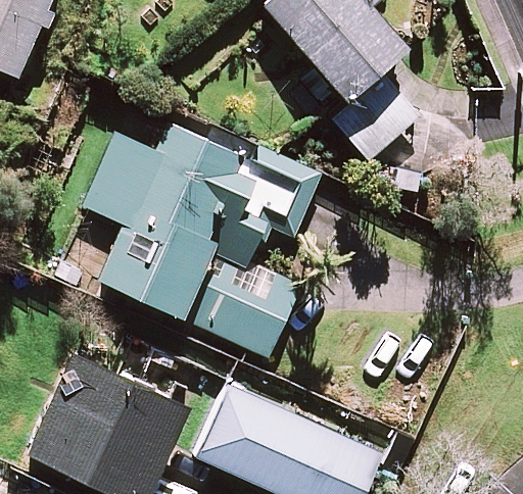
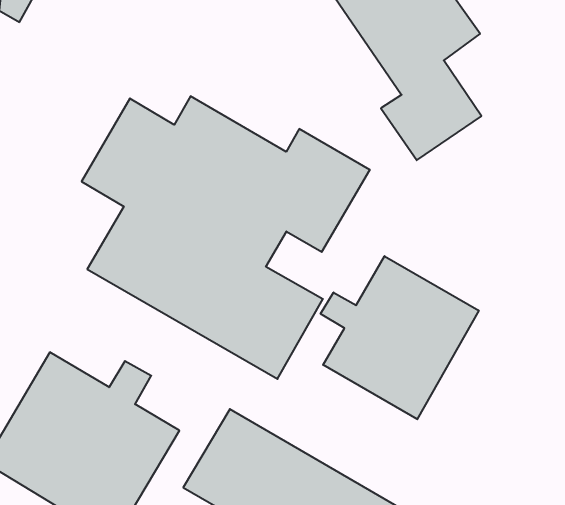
building: none -> [321,256,479,419]

